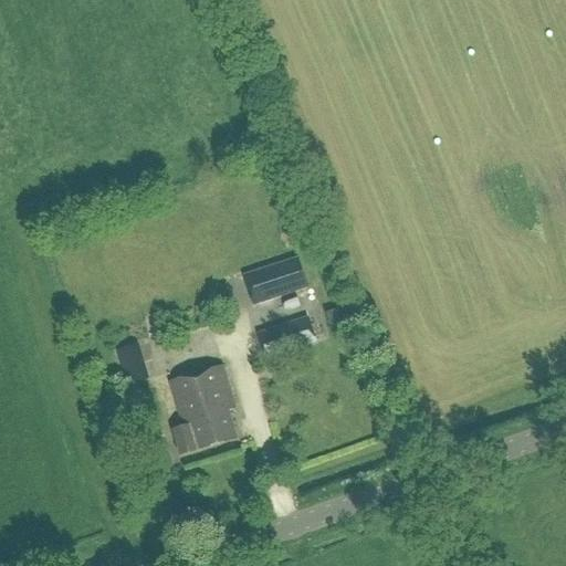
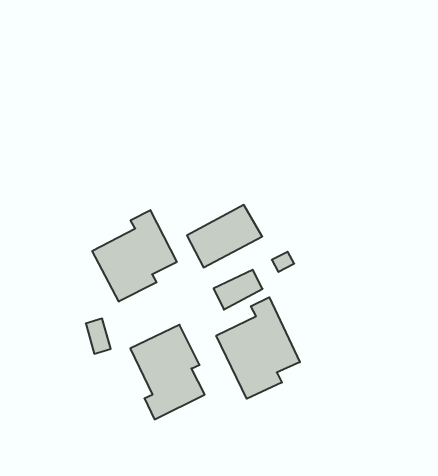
building: none -> [92,210,177,302]
building: none -> [216,297,300,399]

